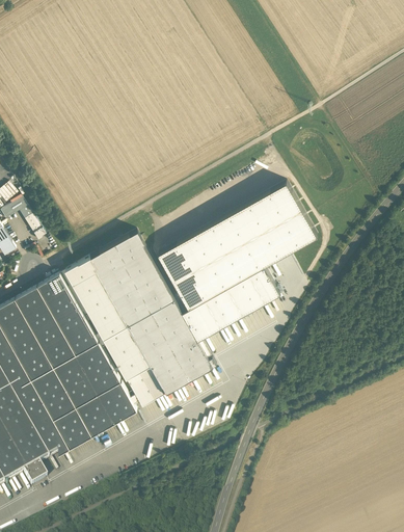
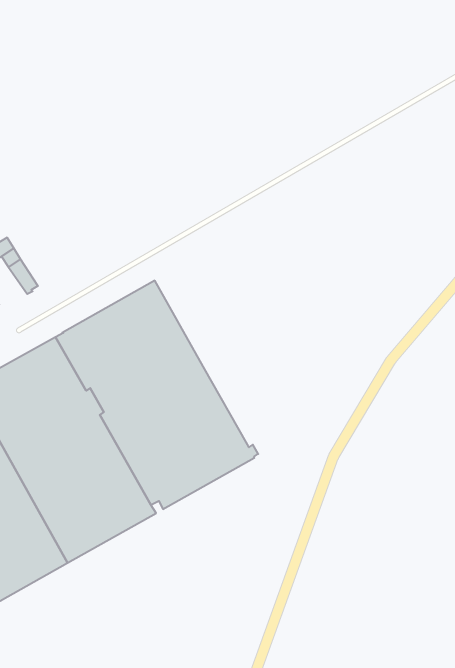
building: [159,181,318,356] -> none

